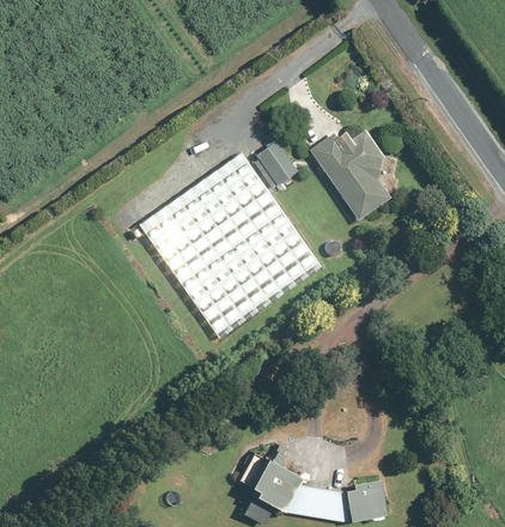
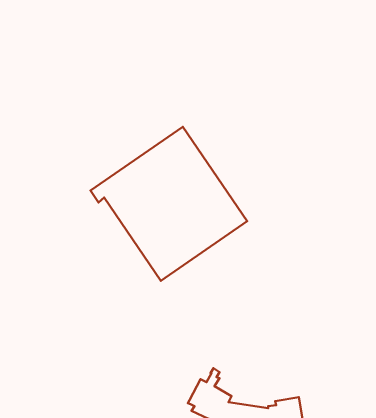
building: [310,129,390,219] -> none
building: [256,140,298,184] -> none

